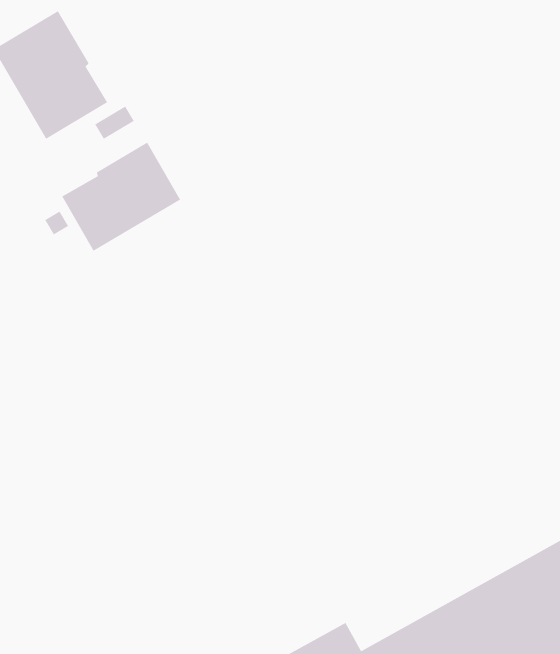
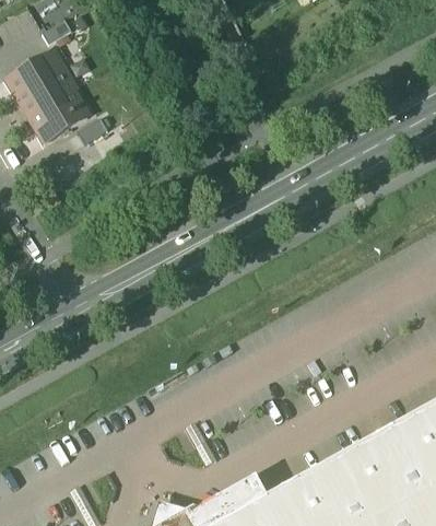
building: [61,142,181,252] -> none

